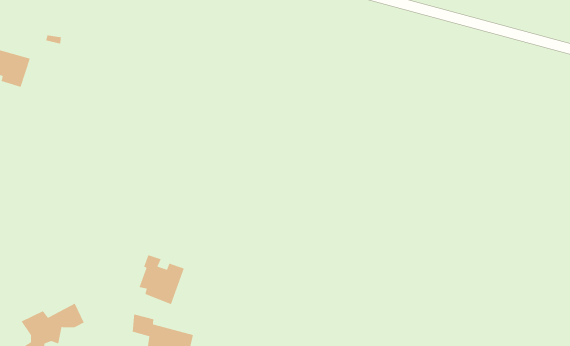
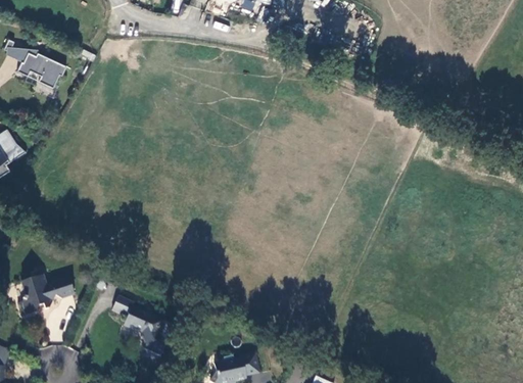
building: [138,254,185,305] -> none

